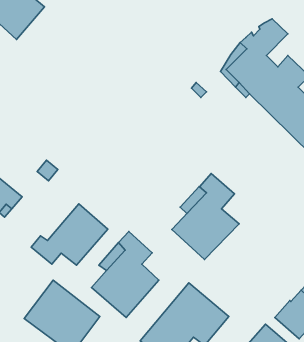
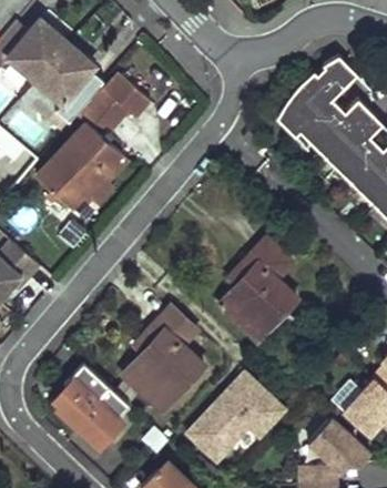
building: none -> [35,42,98,131]
building: none -> [35,75,146,210]
building: [31,204,108,265] -> none

